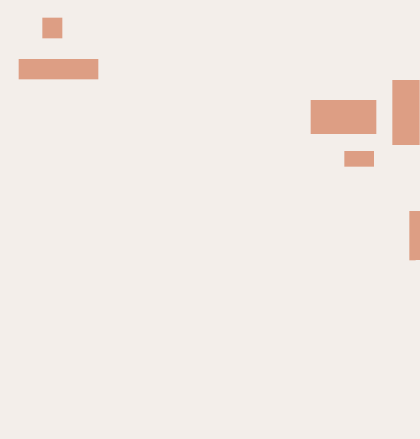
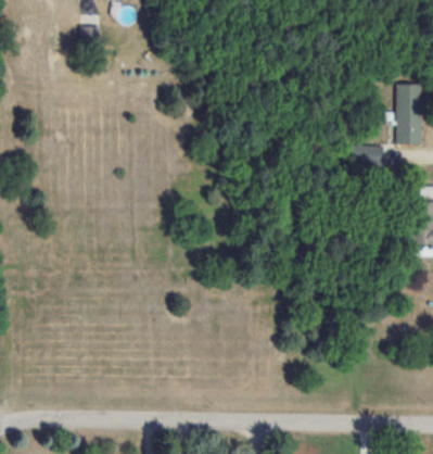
building: [18,58,99,80] -> none
building: [310,99,377,135] -> none

